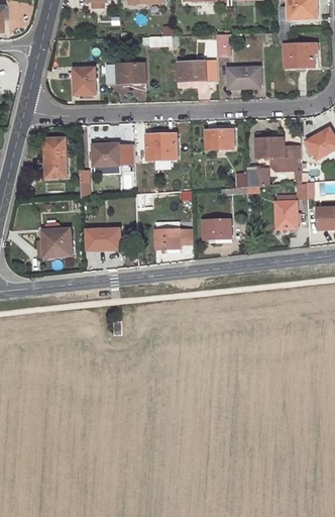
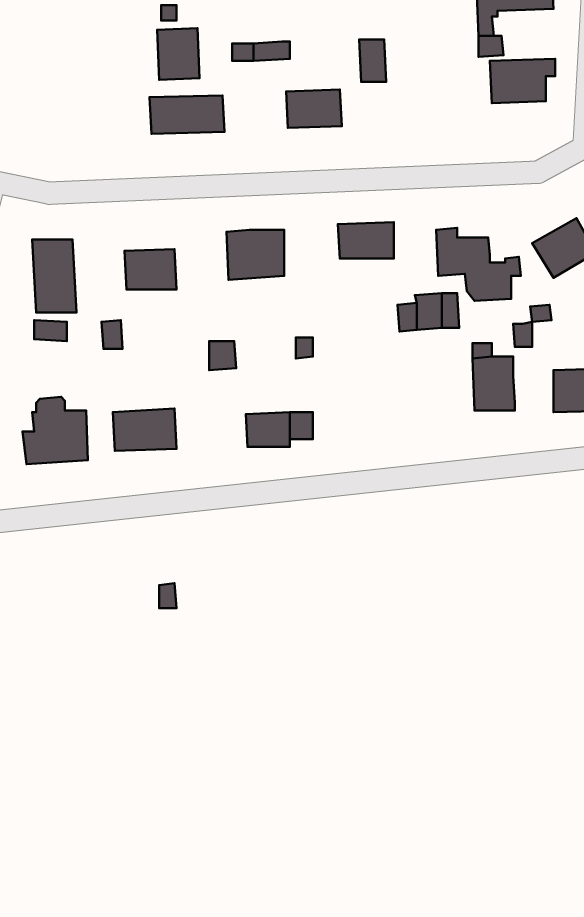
building: [74,67,96,94] -> [157,28,199,80]
building: [228,67,261,87] -> none
building: [203,218,231,239] -> none

